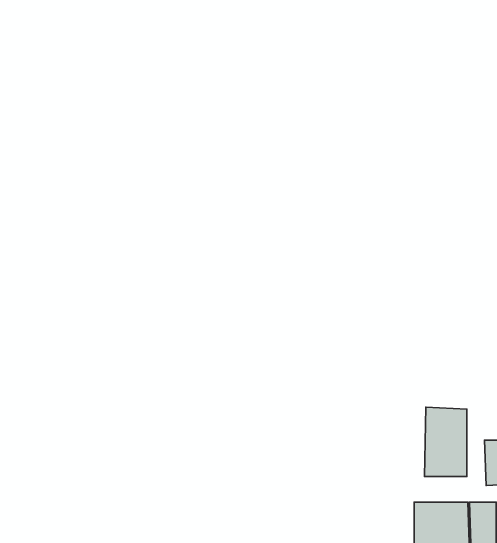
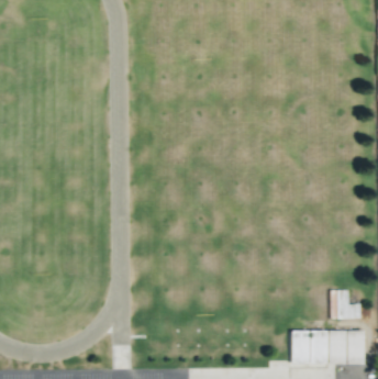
building: [424,407,467,476] -> none

